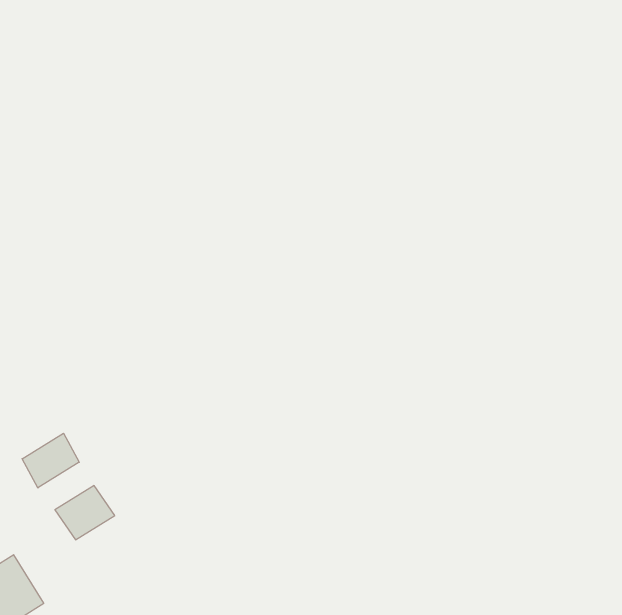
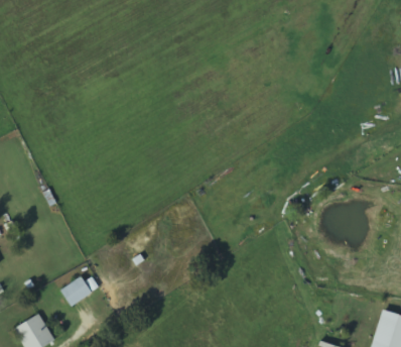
building: [22,433,79,488] -> none

